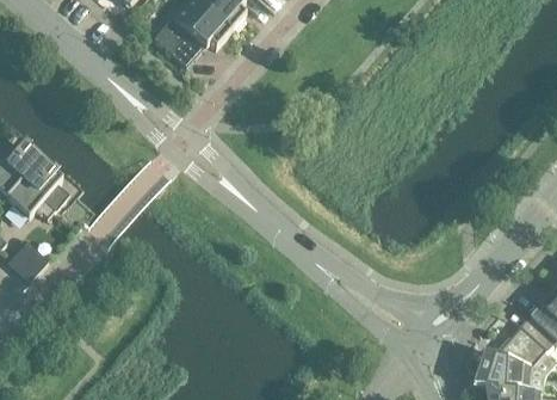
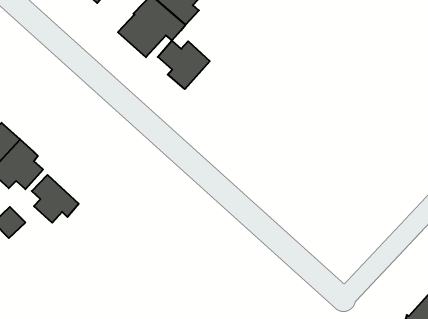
building: none -> [158,41,210,89]
building: none -> [32,175,79,223]

